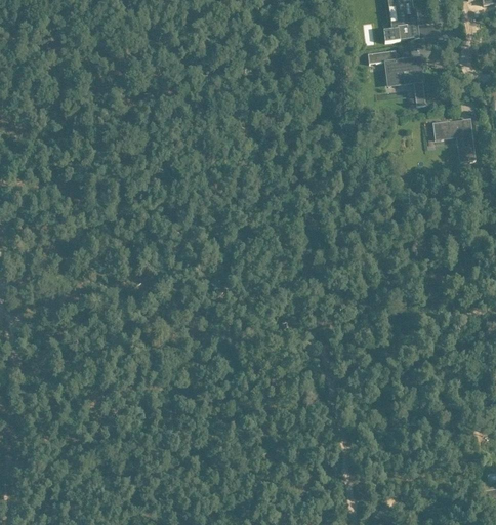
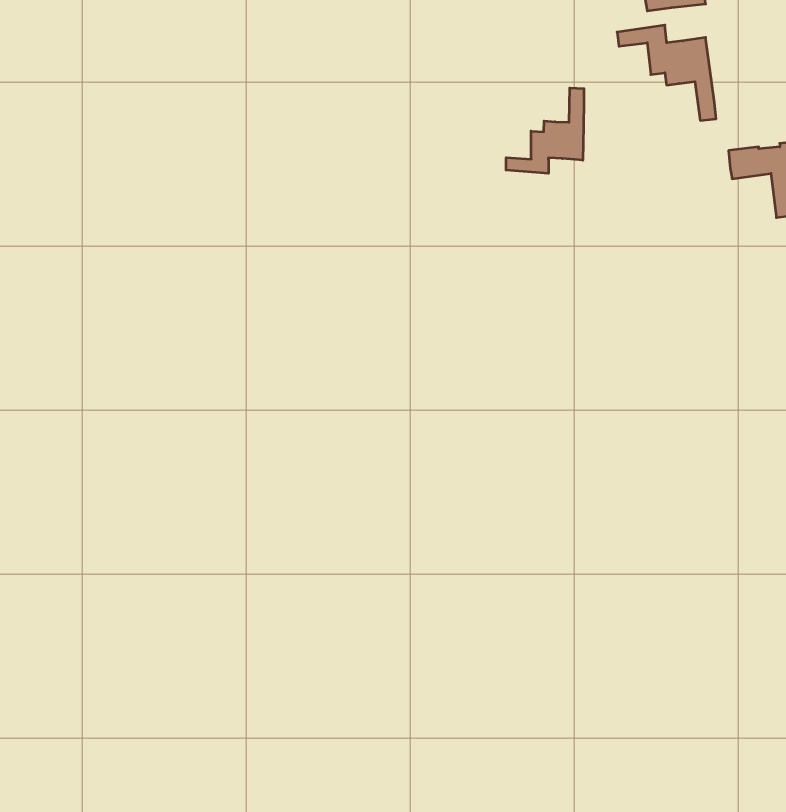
building: none -> [506,88,584,173]

